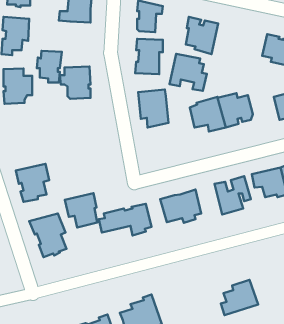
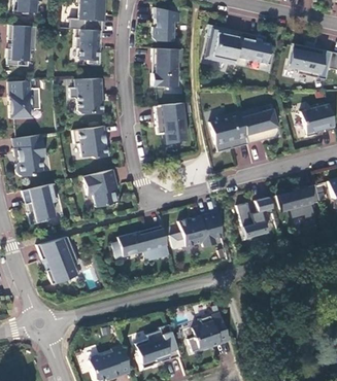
building: [37,51,62,82] -> [76,30,103,64]
building: [169,54,207,91] -> [234,32,274,72]
building: none -> [73,126,110,158]
building: none -> [13,135,45,176]
building: [65,193,97,227] -> [83,170,119,207]
building: [221,280,258,315] -> [189,313,229,351]

